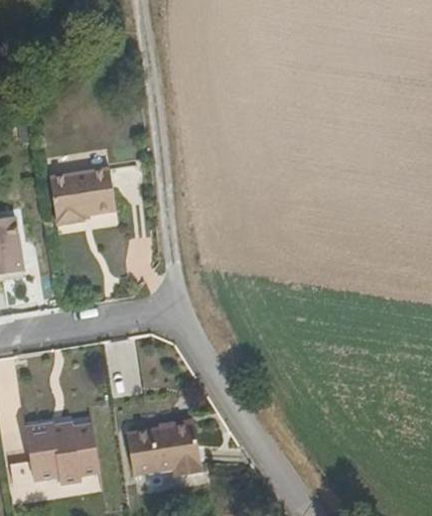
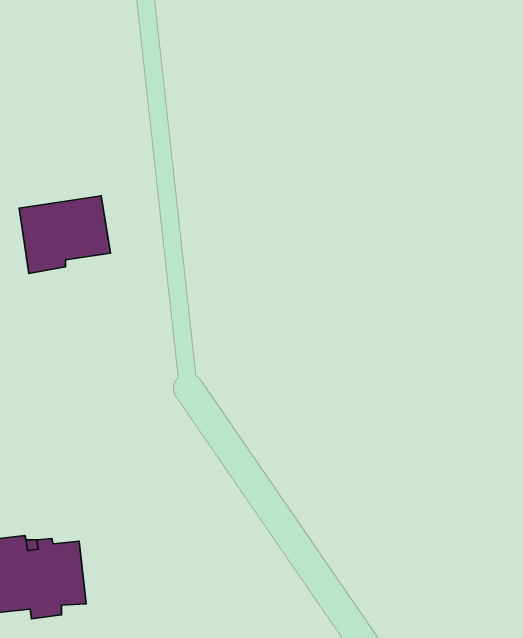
building: [128,420,204,482] -> none

